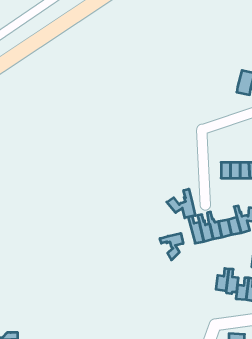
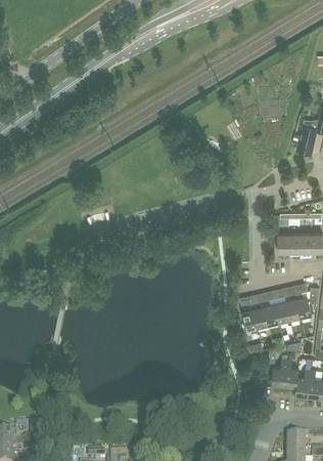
building: [167,189,195,218] -> none
building: [160,233,183,260] -> none

